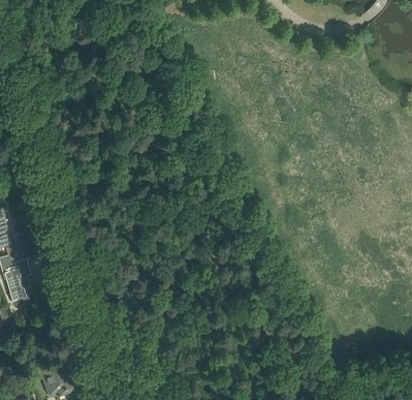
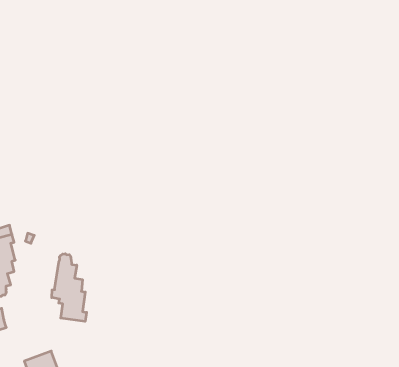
building: none -> [52,254,87,321]

